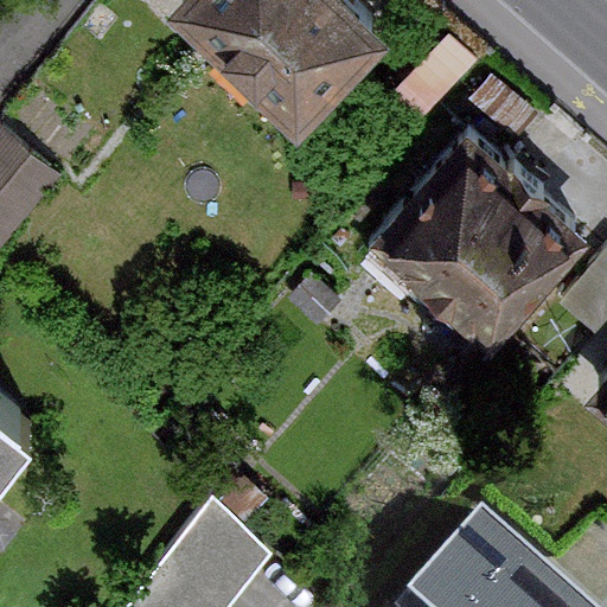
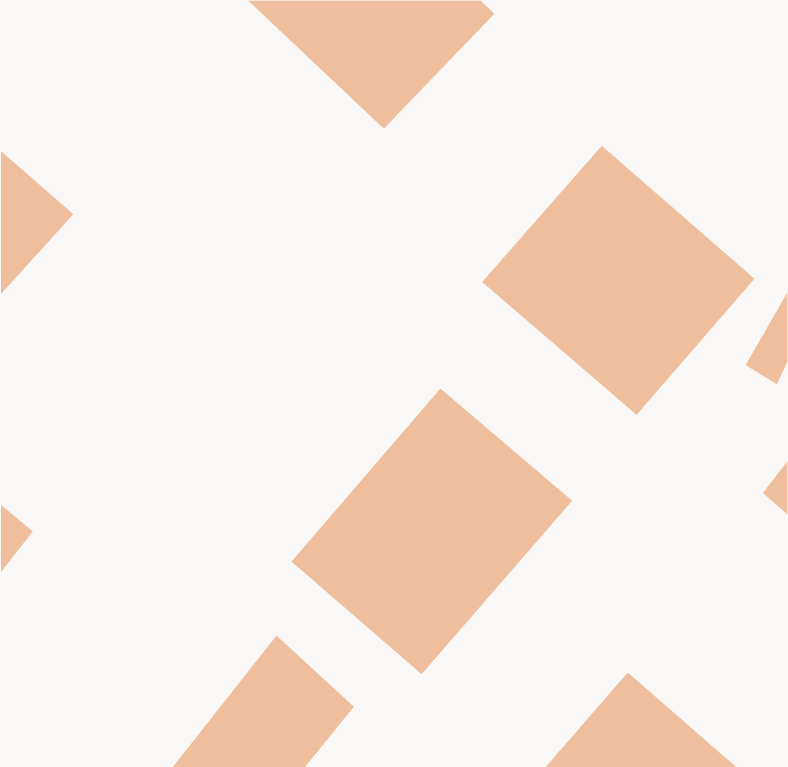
building: none -> [290,388,573,675]

